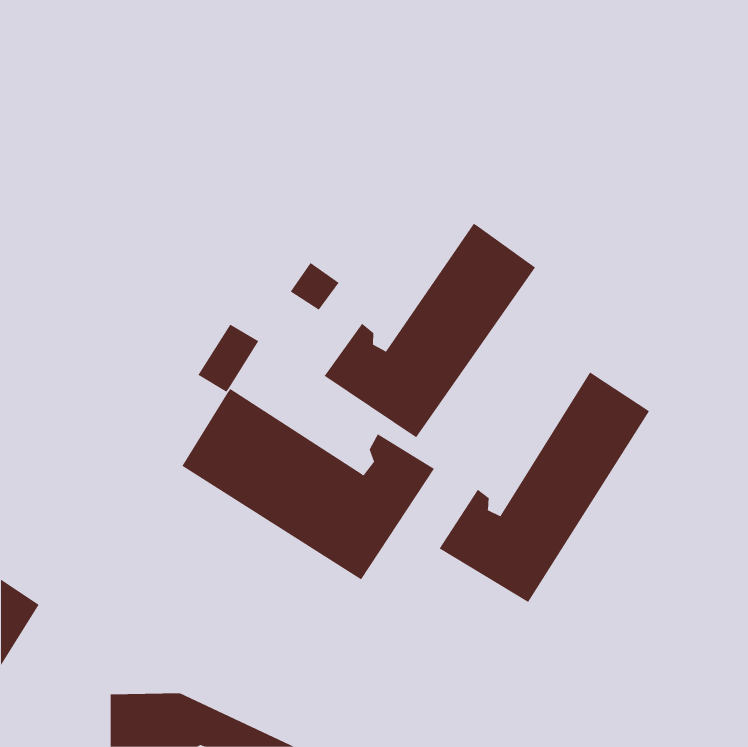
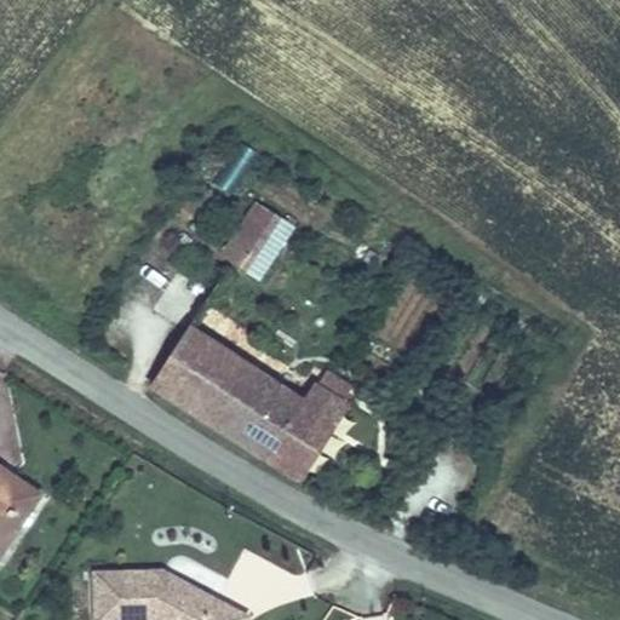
building: [324,223,536,438] -> none
building: [439,372,650,603] -> none

